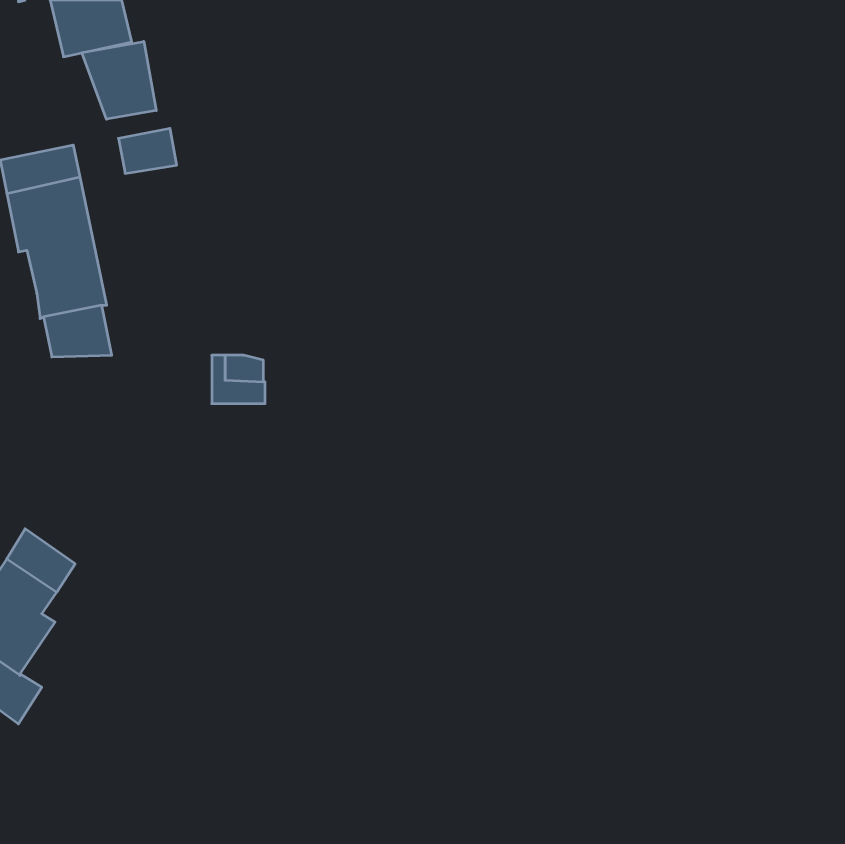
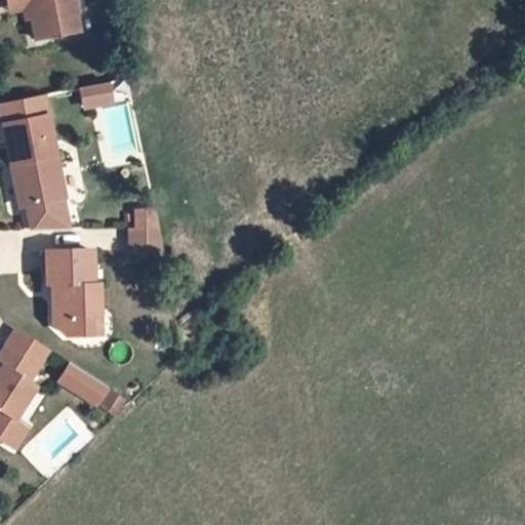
building: [82,41,156,119] -> none
building: none -> [50,245,102,328]
building: none -> [51,365,105,410]

